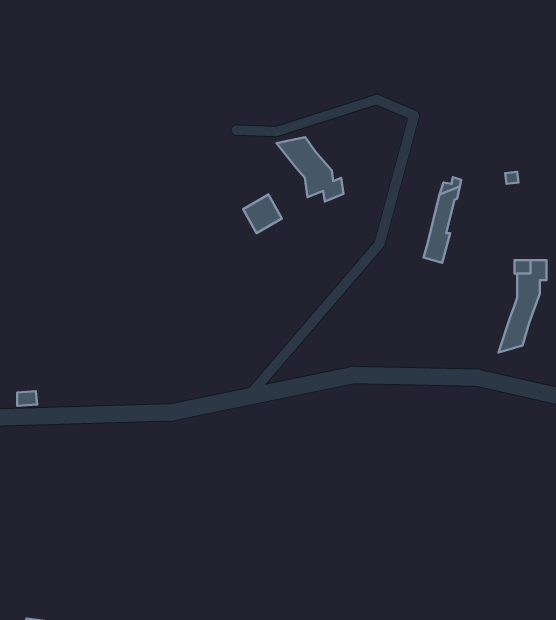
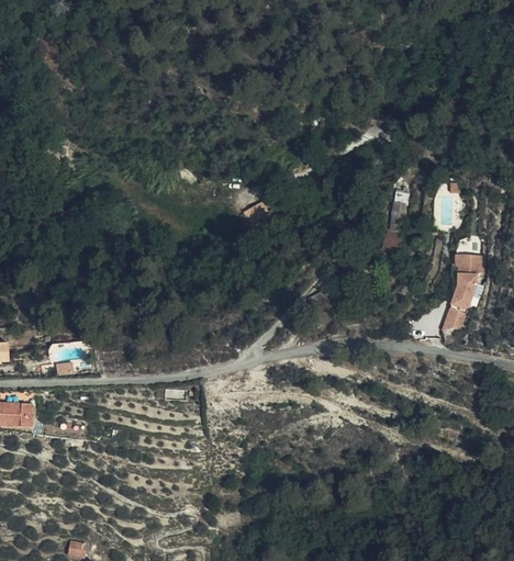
building: [276,137,343,201] -> none

